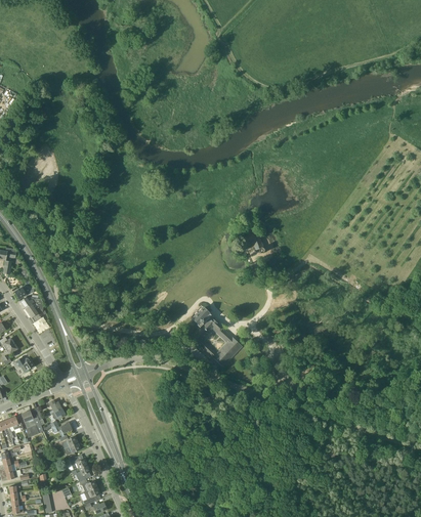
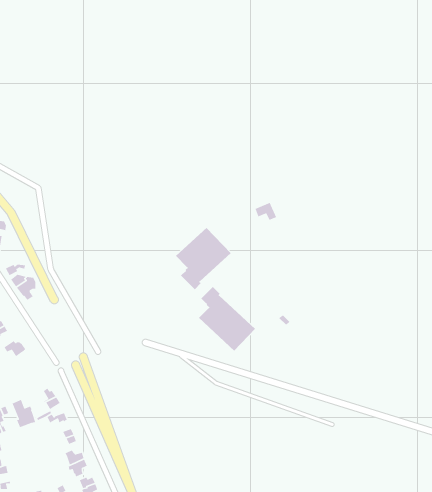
building: none -> [175,227,232,290]

